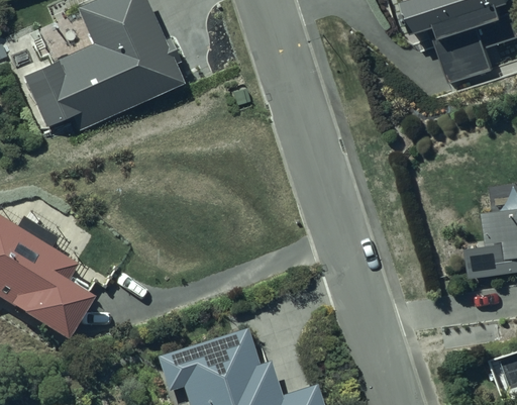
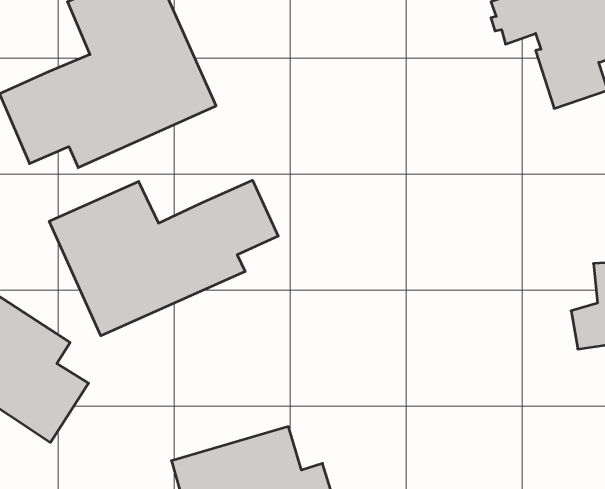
building: none -> [49,180,278,336]

